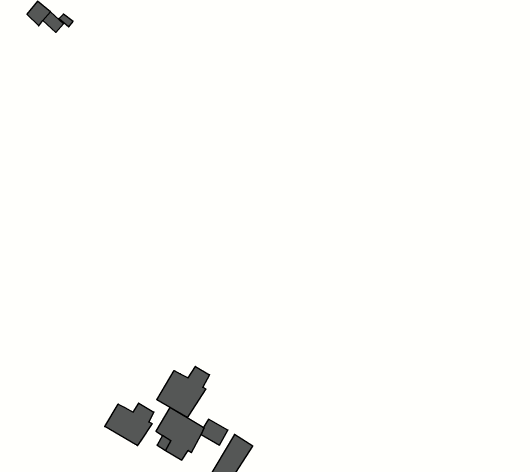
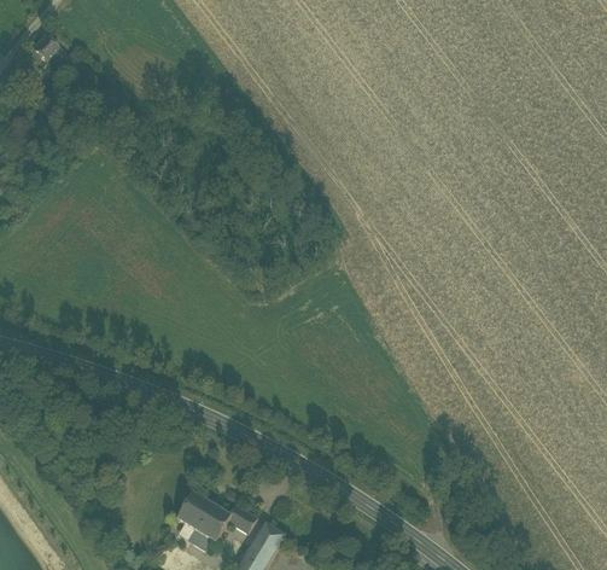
building: [157,366,210,418] -> none
building: [105,403,154,446] -> none

